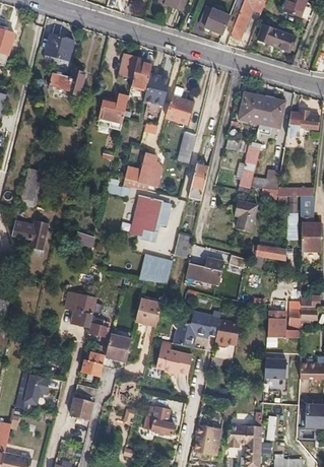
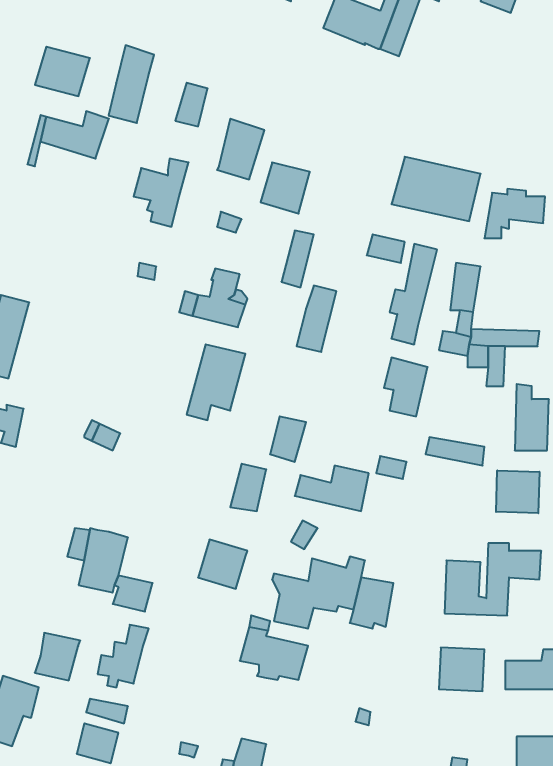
building: [258,24,295,51] -> none
building: [129,57,153,98] -> [109,45,154,123]
building: none -> [496,470,539,513]
building: [104,334,128,359] -> [35,633,80,680]

